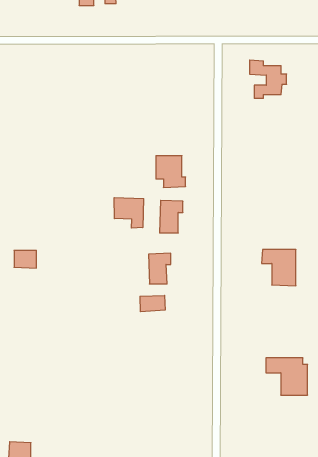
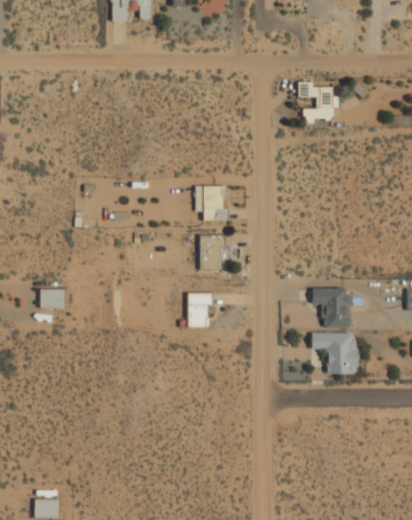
building: [114,198,144,228] -> none
building: [140,295,165,312] -> none
building: [266,358,308,395] -> [311,333,356,374]

